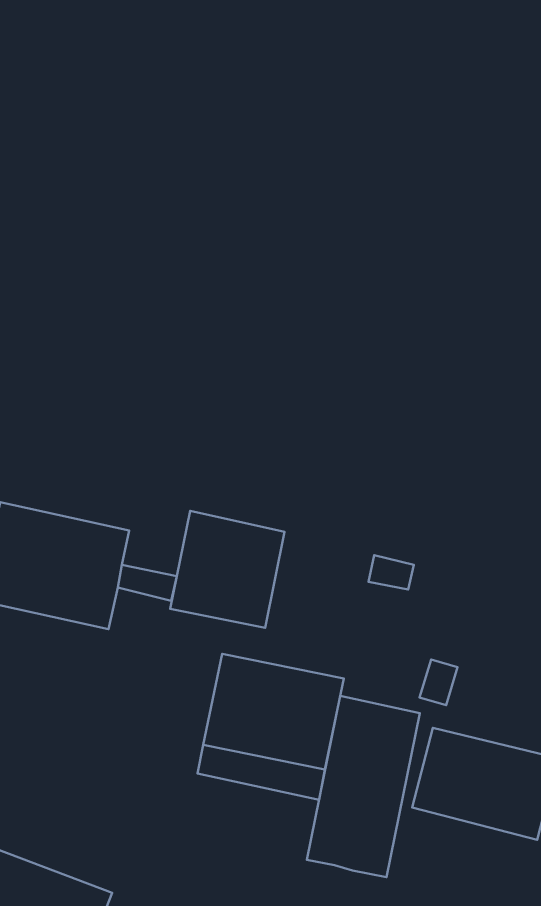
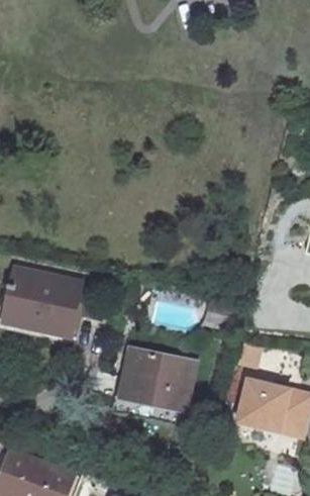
building: [170,511,284,628] -> none
building: [307,696,420,877] -> none

